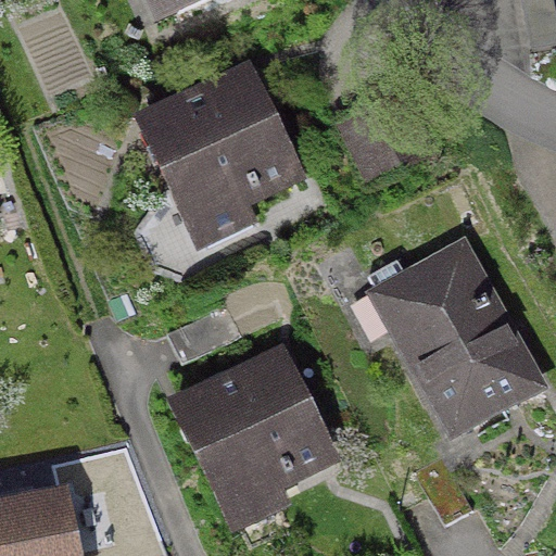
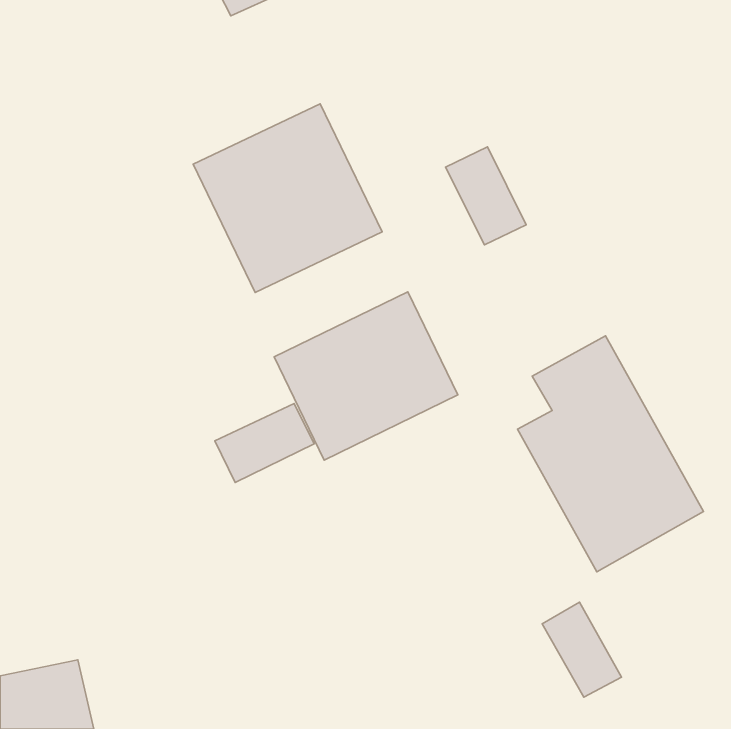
building: none -> [274,292,458,460]
building: [184,361,327,504] -> none

